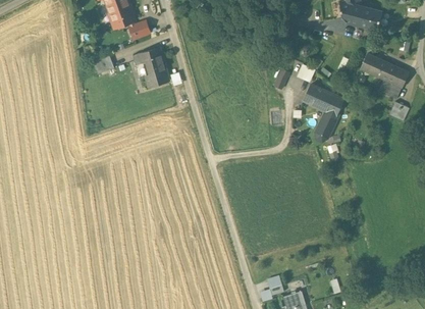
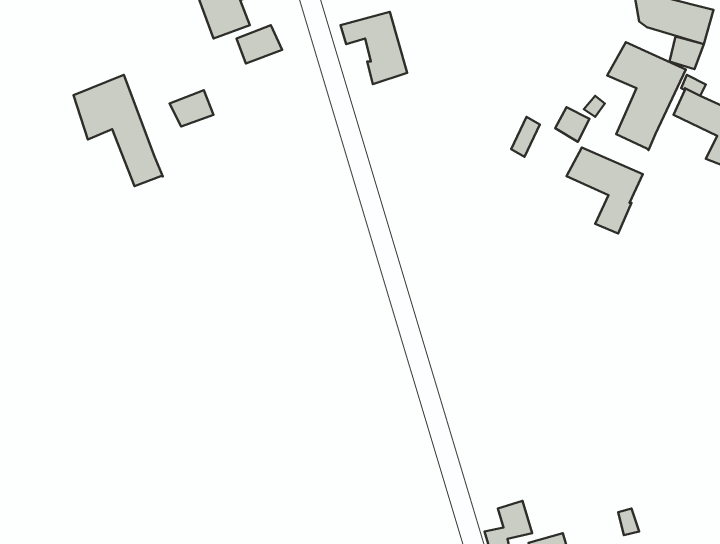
building: none -> [607,42,686,150]
building: none -> [74,75,163,186]
building: [131,48,167,87] -> [340,12,407,84]

